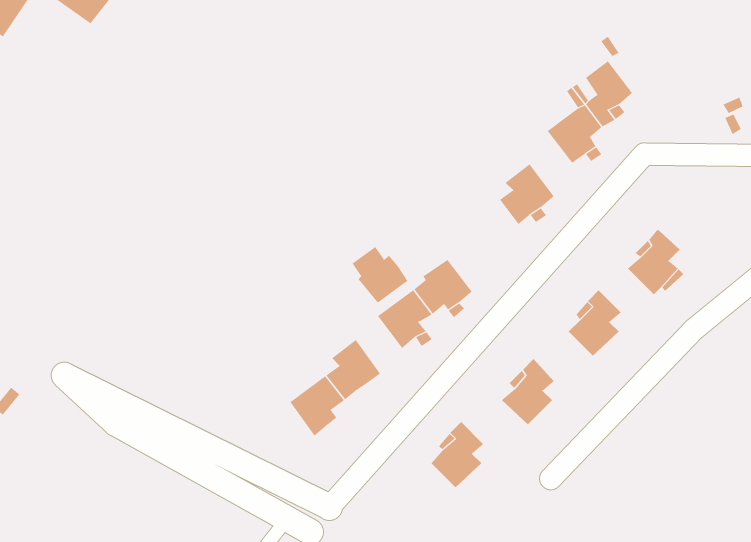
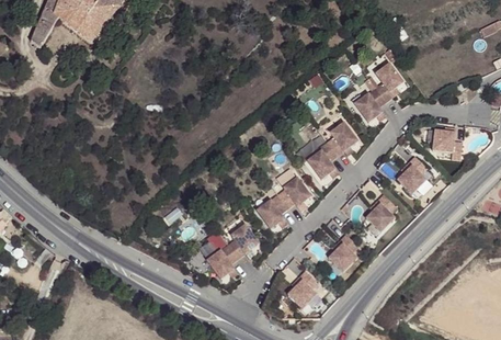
building: none -> [429,127,458,158]
building: none -> [307,141,337,179]
building: [352,246,408,304] -> none

